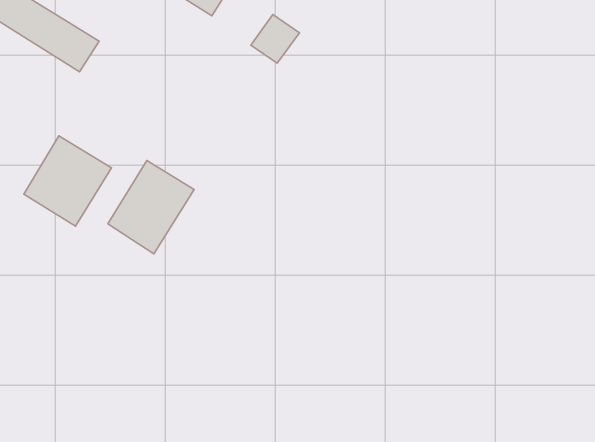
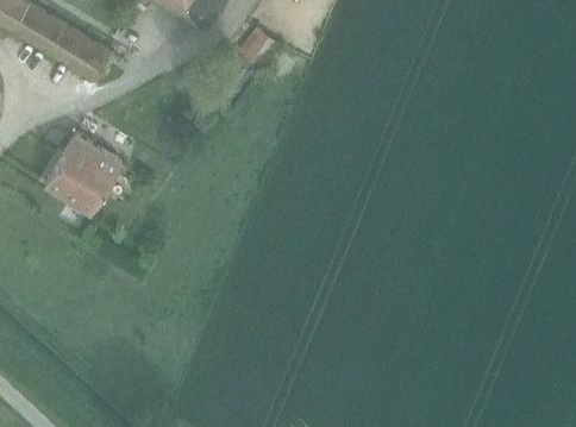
building: [108,160,194,254] -> none

